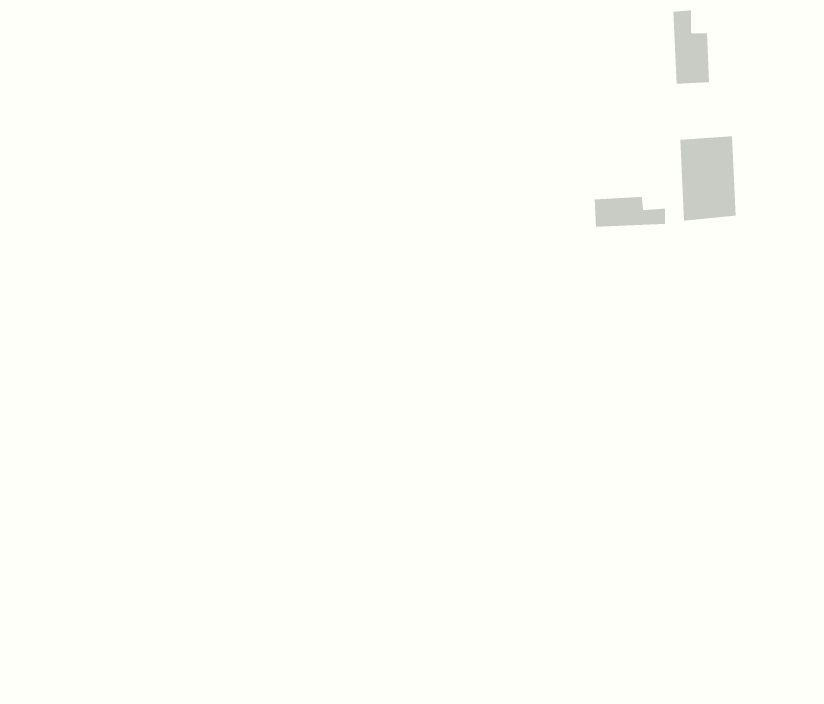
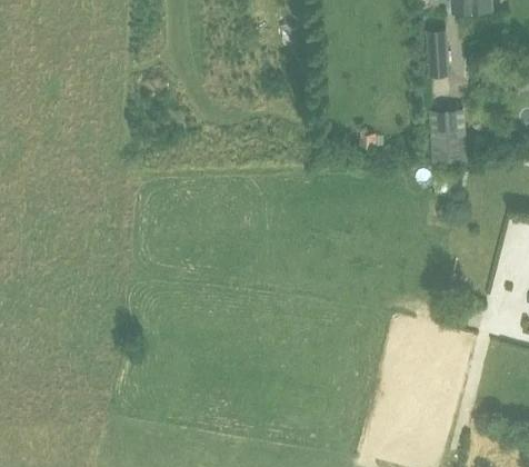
building: [594,196,666,228] -> none

